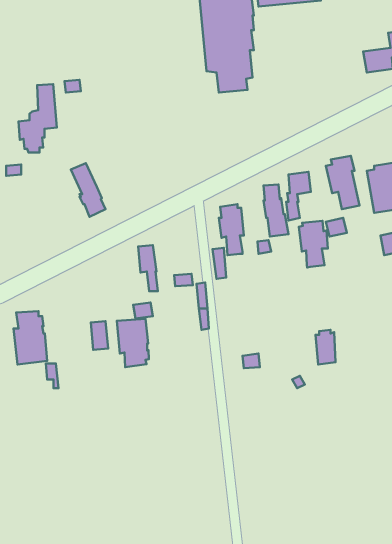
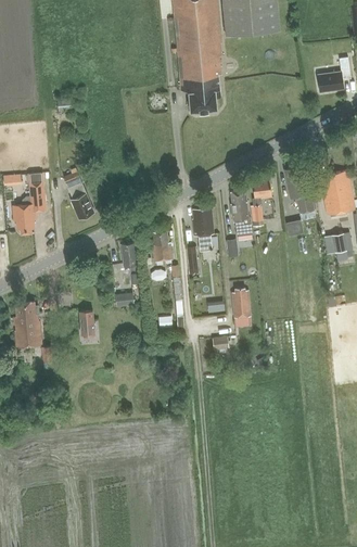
building: [18,84,57,152] -> [13,174,47,233]
building: [299,221,328,268] -> none
building: none -> [152,231,173,263]
building: [117,319,149,367] -> none
building: [316,330,335,365] -> [232,289,250,319]

